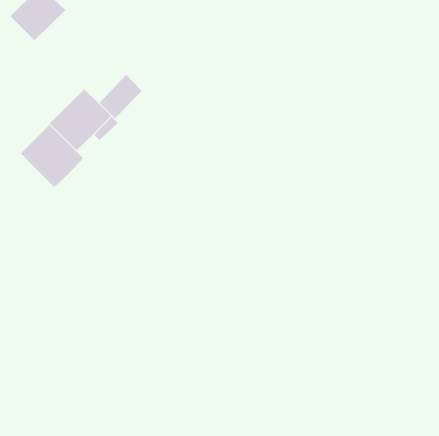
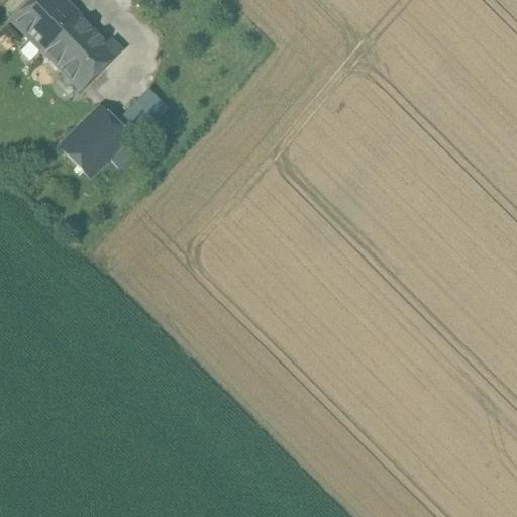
building: none -> [40,12,122,90]
building: [20,124,84,188] -> none

